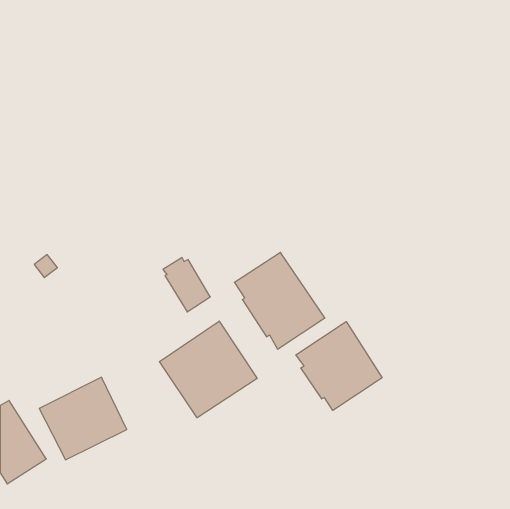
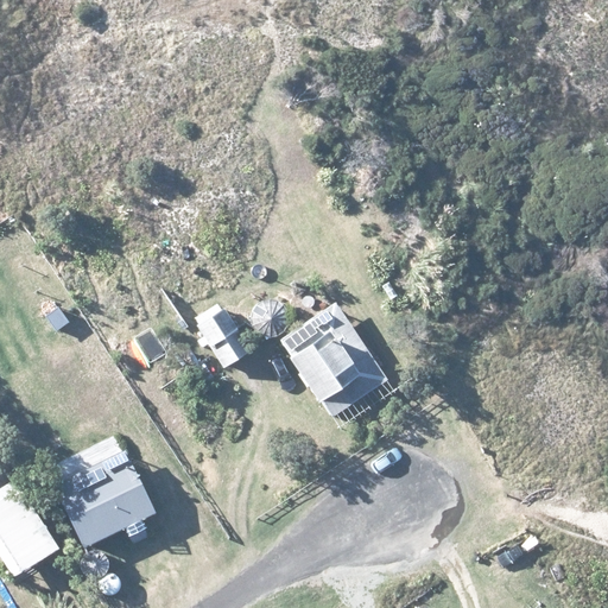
building: [159,321,257,418] -> none
building: [296,322,382,410] -> none

